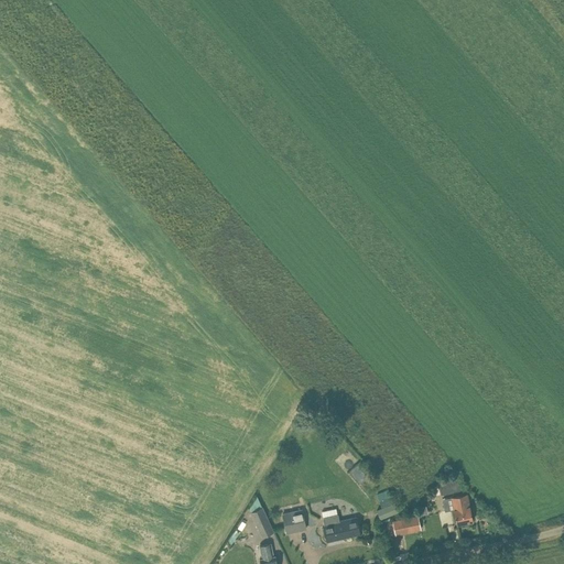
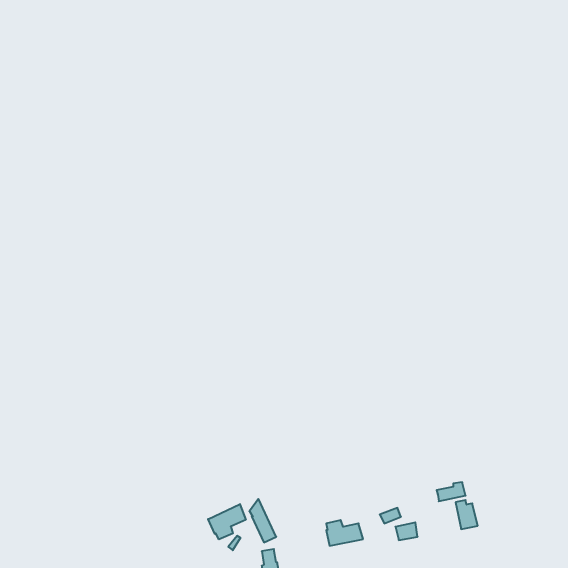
building: none -> [208,504,246,539]
building: [281,509,305,534] -> none

